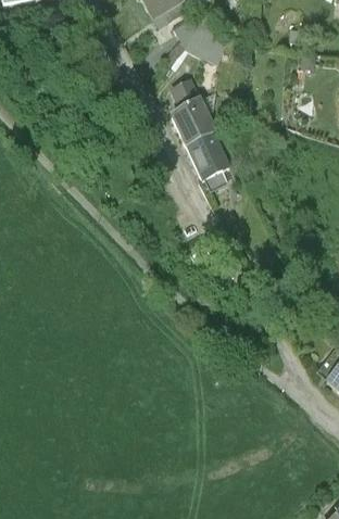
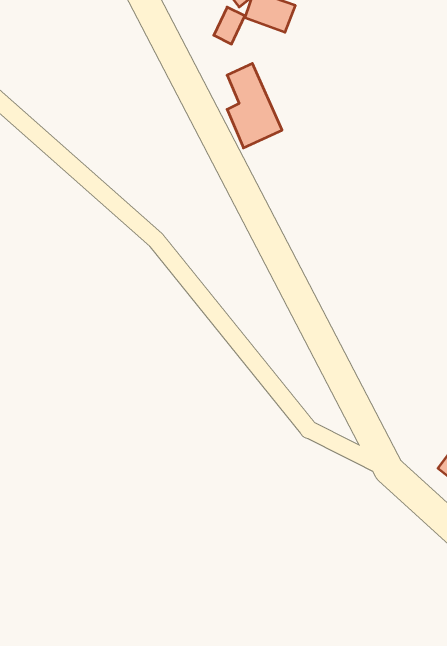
building: [186,130,229,178] -> none

